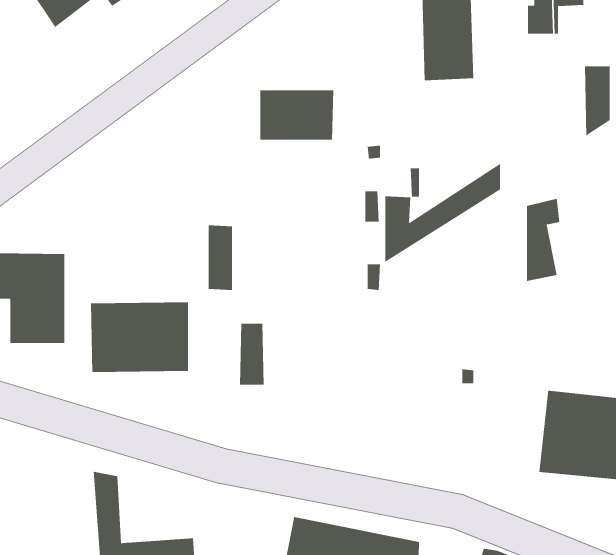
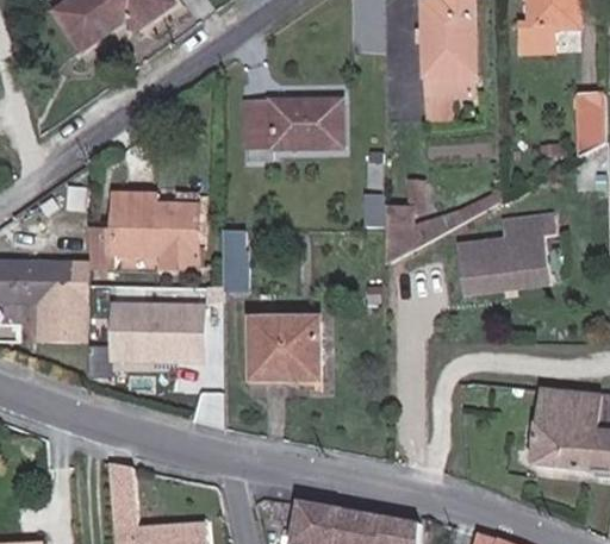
building: none -> [244,104,270,151]
building: none -> [87,182,199,262]
building: none -> [458,213,522,294]
building: none -> [274,324,322,382]

